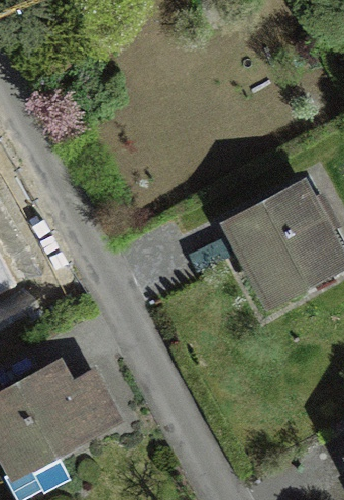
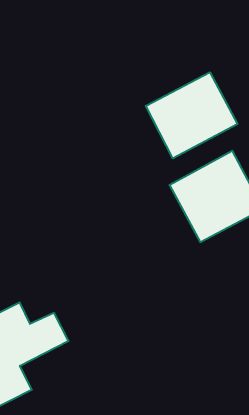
building: none -> [146,72,237,158]

